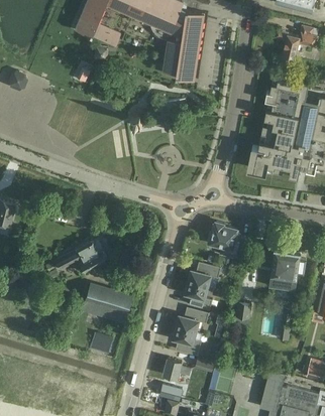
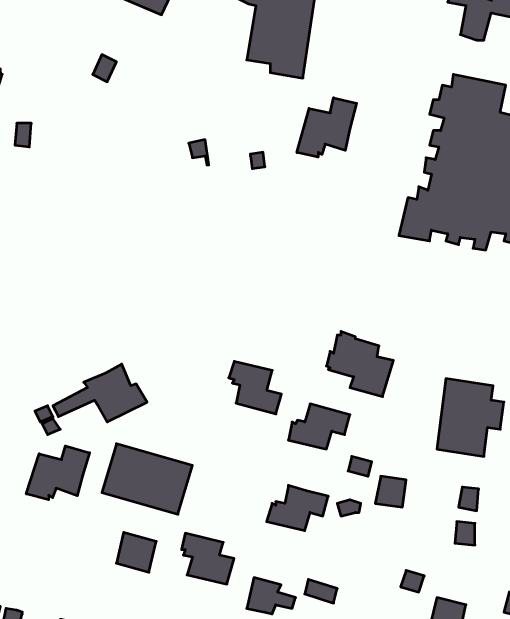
building: none -> [297,98,357,157]
building: [183,282,212,311] -> [229,361,281,414]
building: none -> [26,446,90,500]
building: [172,327,201,356] -> [182,533,234,584]

